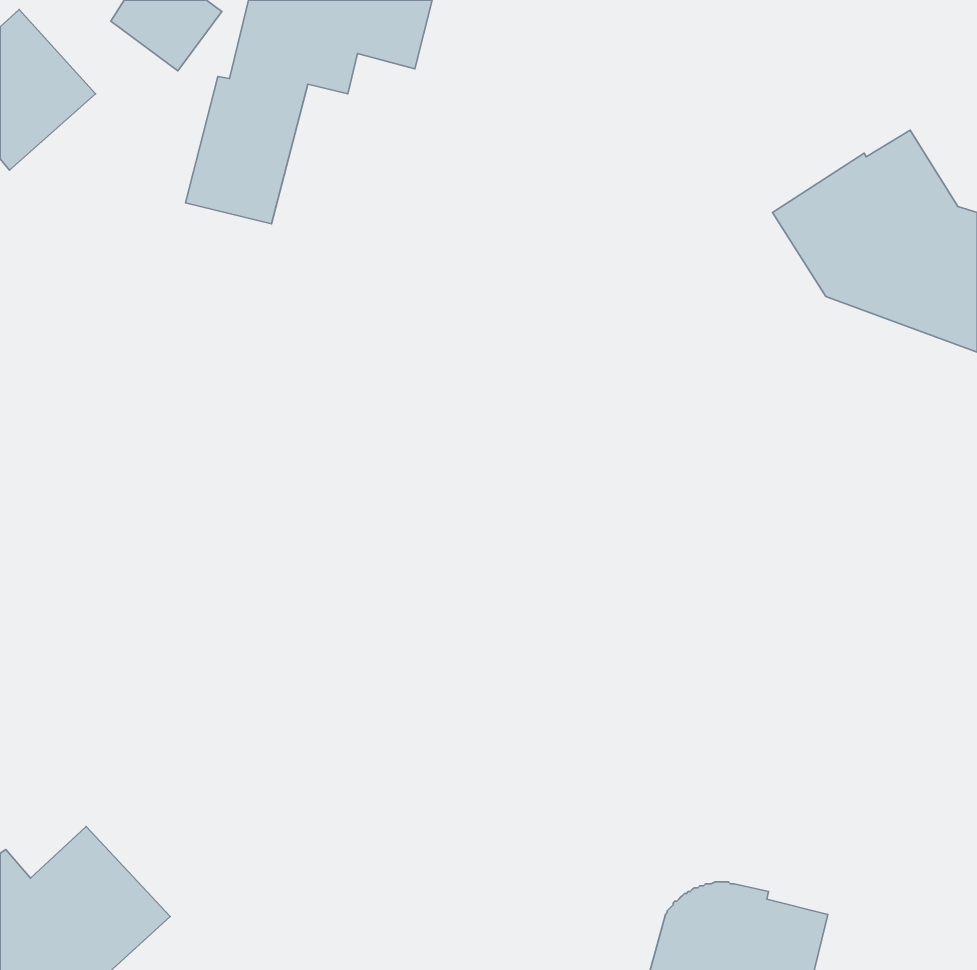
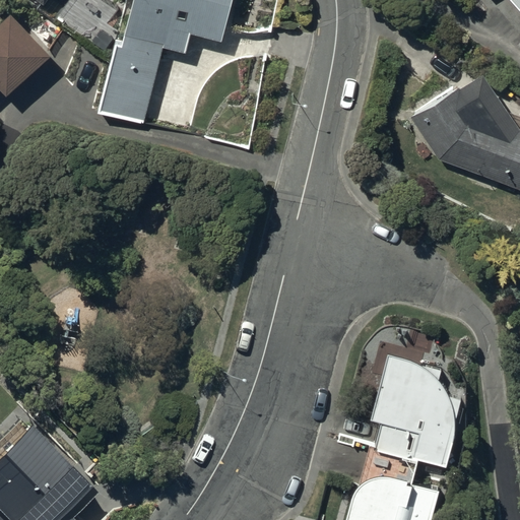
building: none -> [370,353,469,467]

